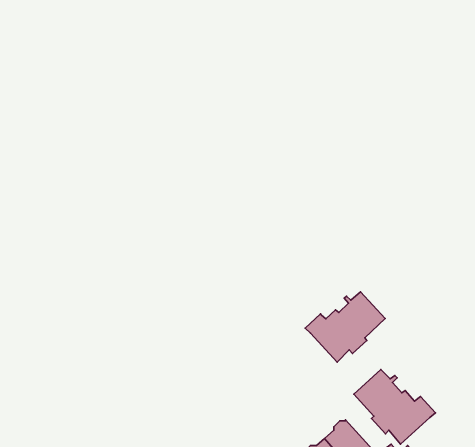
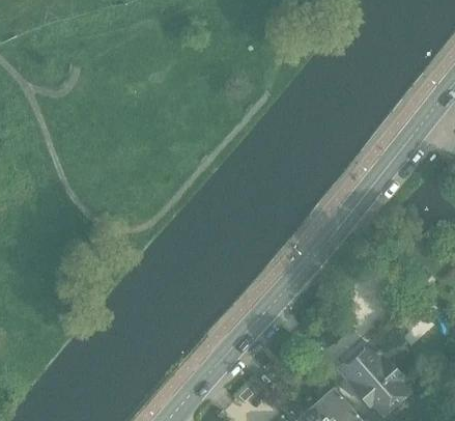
building: [305,292,385,362] -> none

